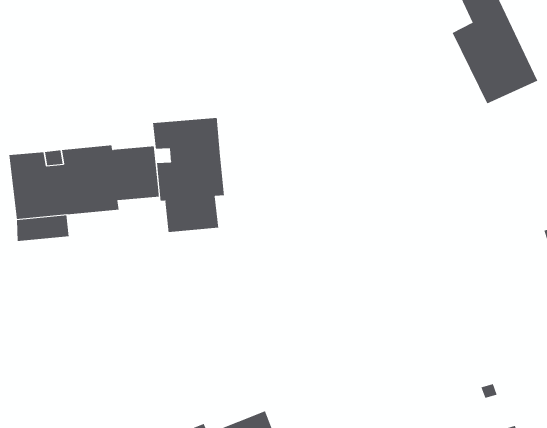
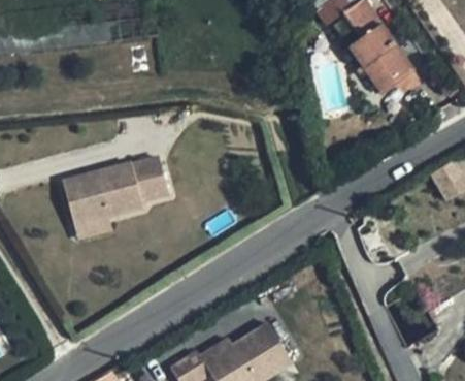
building: [153,117,225,233] -> none

